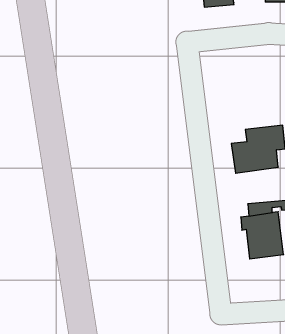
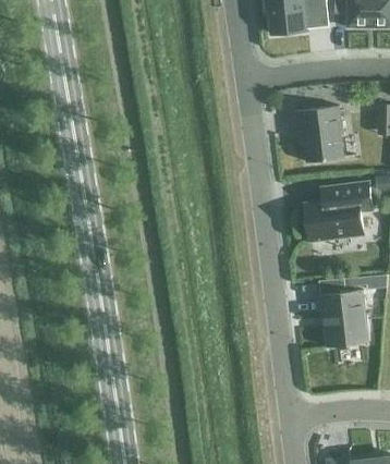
building: none -> [293,107,343,163]

